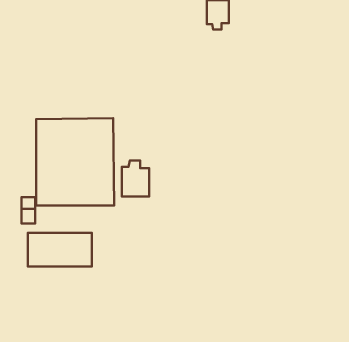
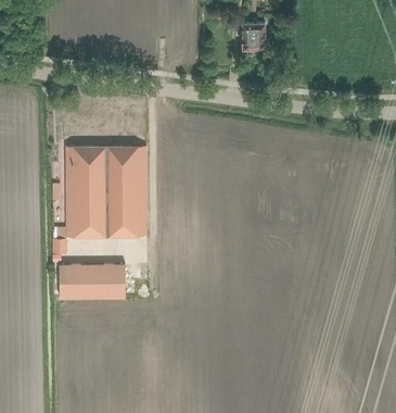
building: [122,161,149,196] -> none

